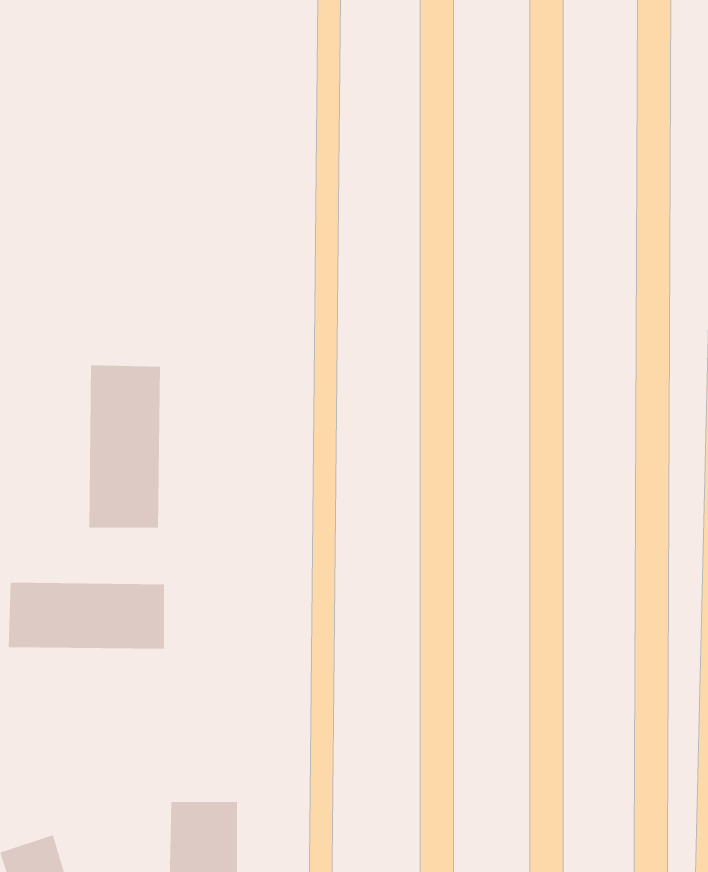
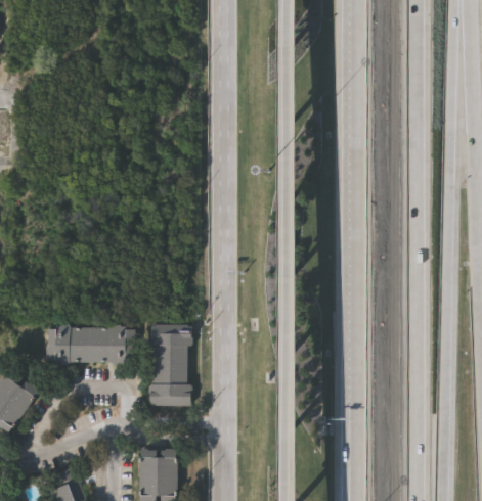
building: [88,364,161,529] -> none
building: none -> [149,324,190,405]

